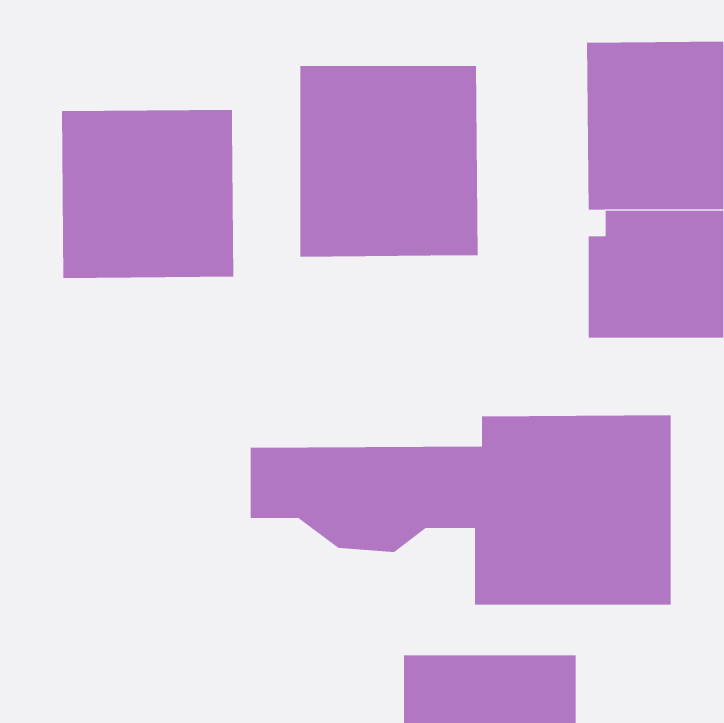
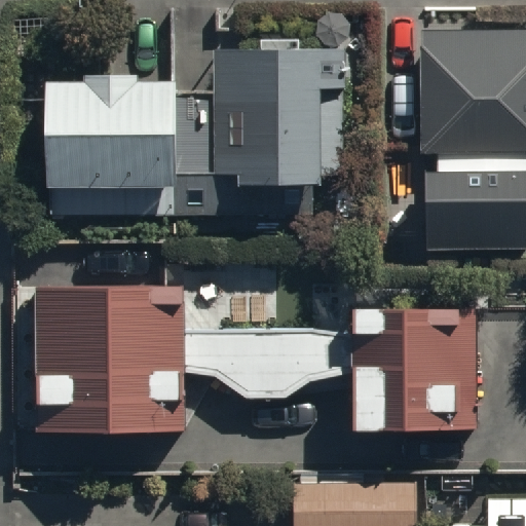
building: none -> [45,93,312,217]
building: none -> [35,284,184,426]

